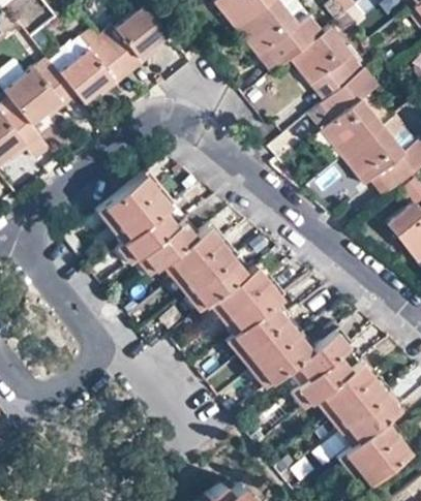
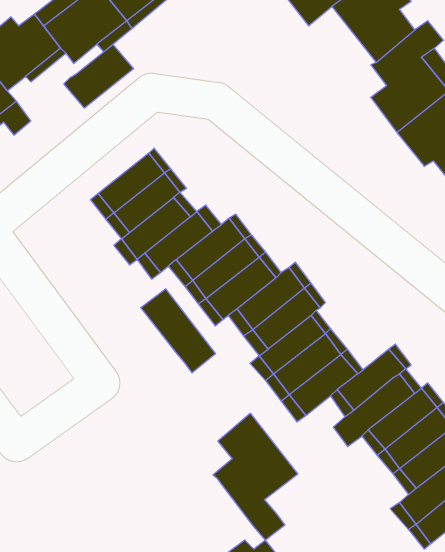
building: none -> [64,44,133,108]
building: none -> [141,289,215,373]
building: none -> [213,413,298,540]

